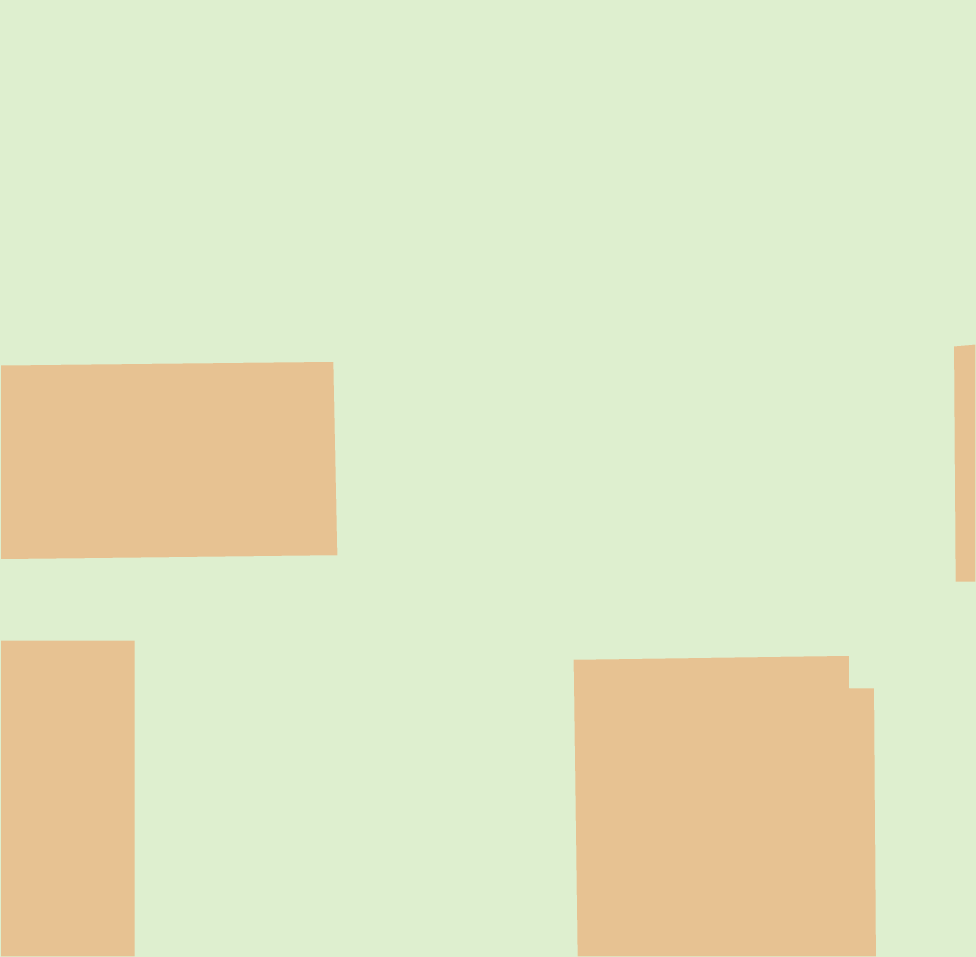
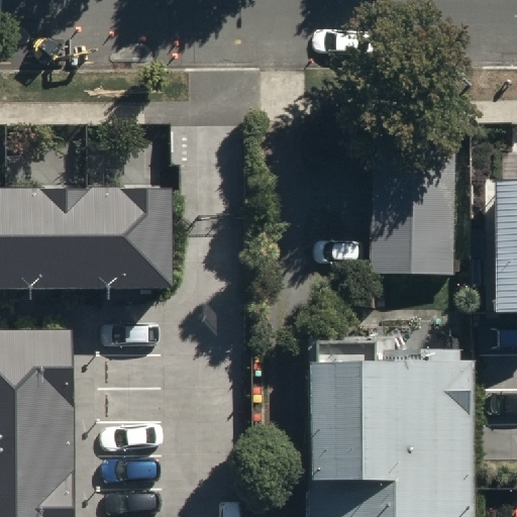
building: none -> [371,140,453,279]

